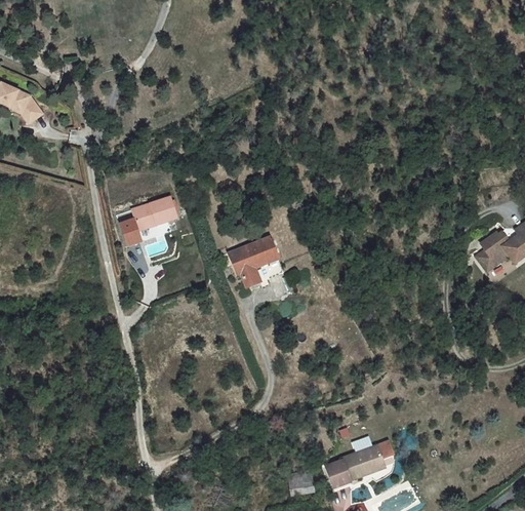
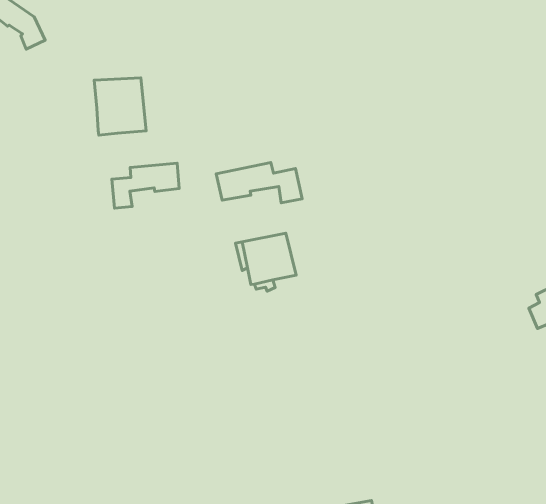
building: none -> [94,78,146,135]
building: none -> [216,162,302,203]

